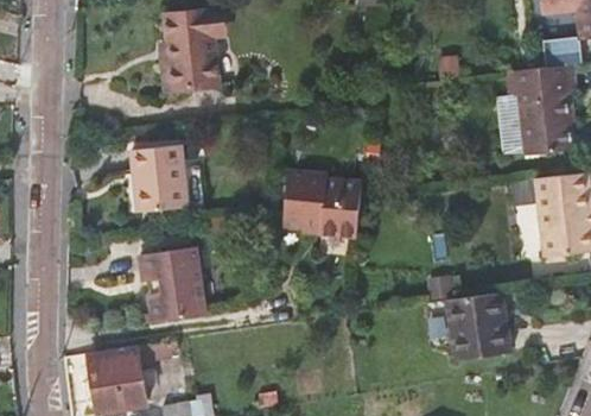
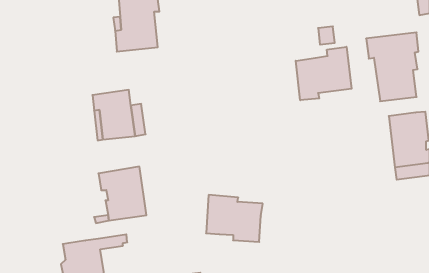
building: none -> [296,47,352,100]
building: [286,170,363,234] -> [206,195,263,242]
building: [447,292,513,359] -> none

